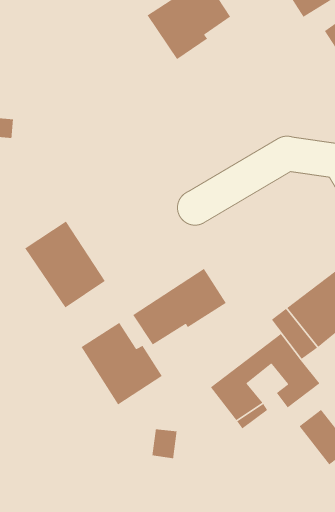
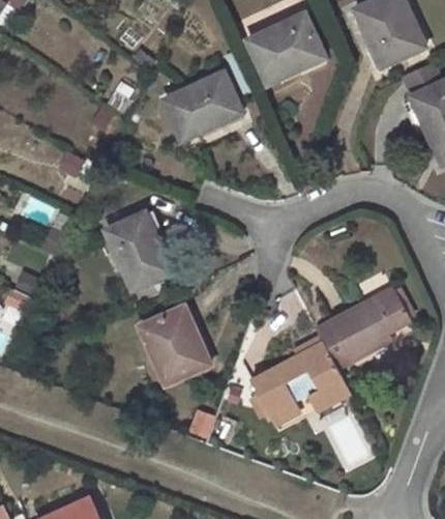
building: none -> [164,71,243,139]
building: [132,268,227,346] -> none

